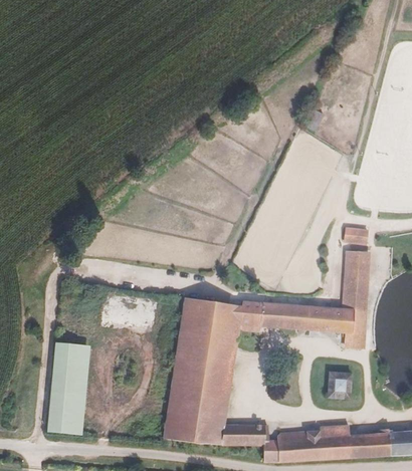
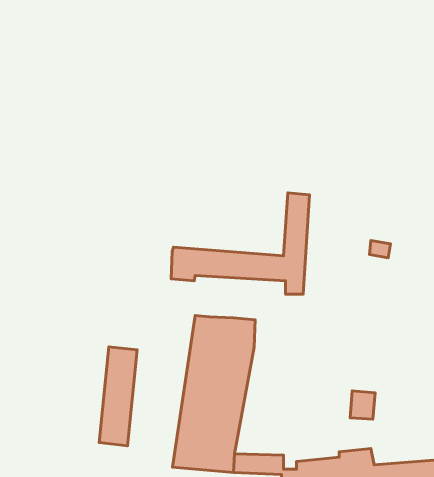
building: [240,249,368,342] -> [171,193,310,294]
building: [48,342,83,434] -> [99,347,137,446]

